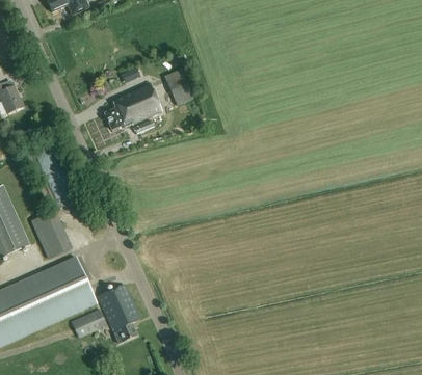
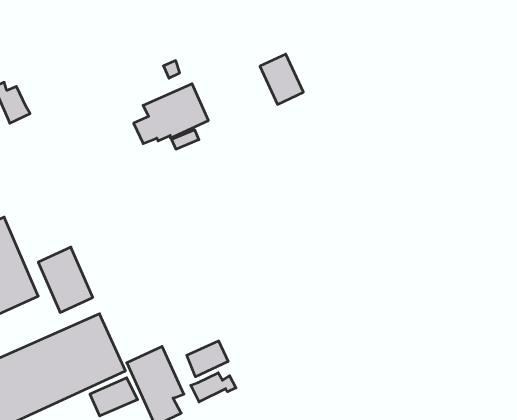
building: [163,65,196,104] -> [260,54,303,104]
building: none -> [187,341,228,377]
building: none -> [191,373,236,402]

